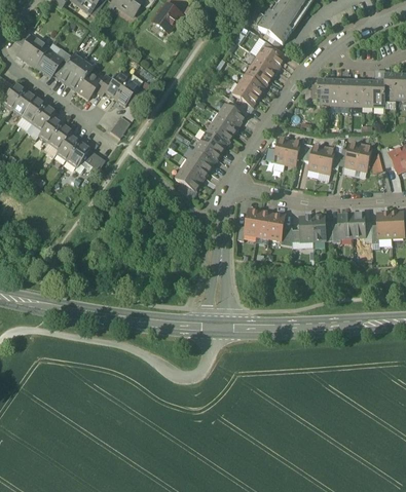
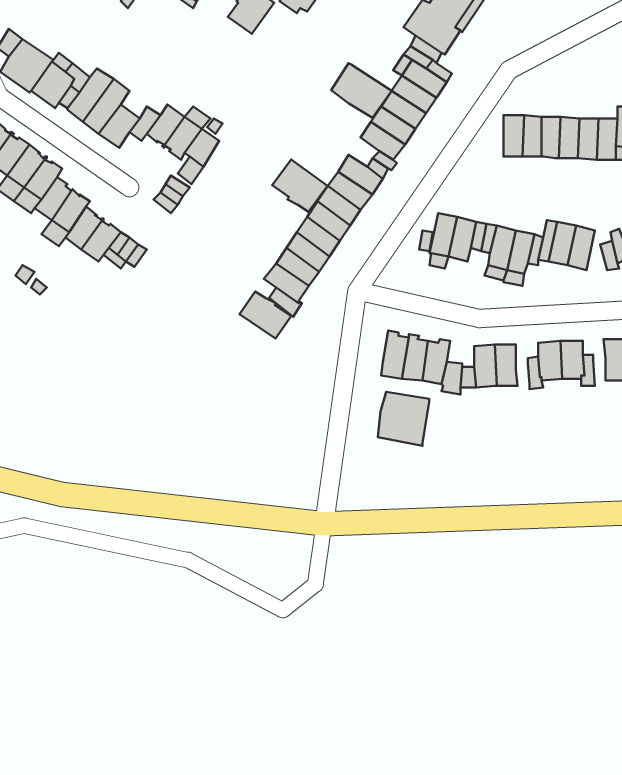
building: none -> [331,63,392,118]
building: none -> [272,159,328,212]
building: none -> [240,291,291,339]
building: none -> [378,392,429,446]

